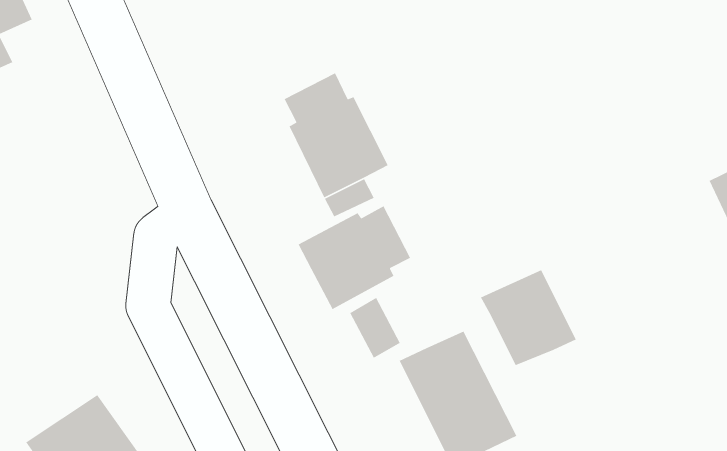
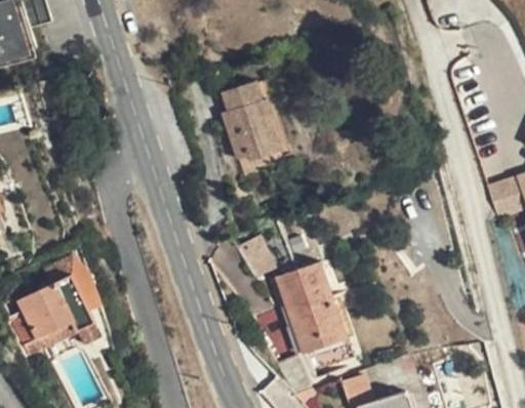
building: [297,205,411,310] -> none
building: [480,269,577,366] -> none

